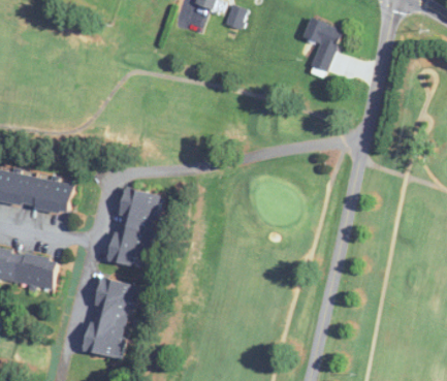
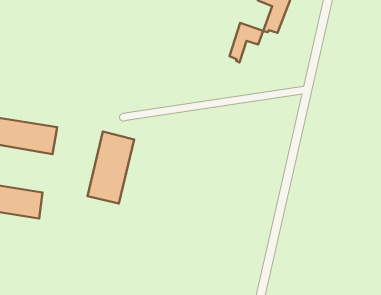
building: none -> [229,23,263,62]
building: [82,277,135,358] -> none

